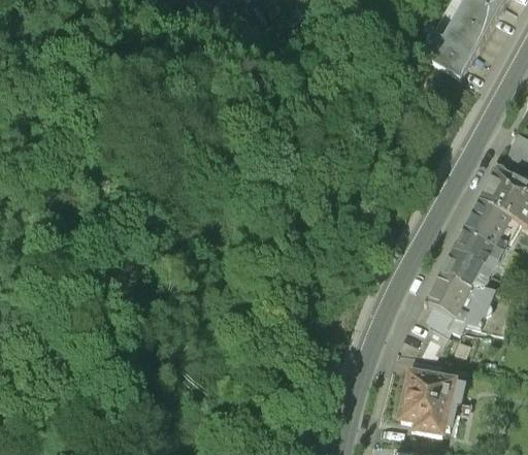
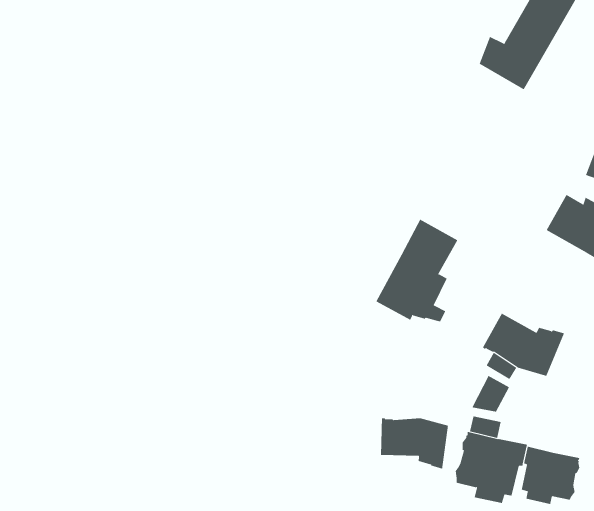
building: [440,201,512,291] -> [376,219,458,323]
building: none -> [381,417,449,469]
building: none -> [521,446,580,505]

